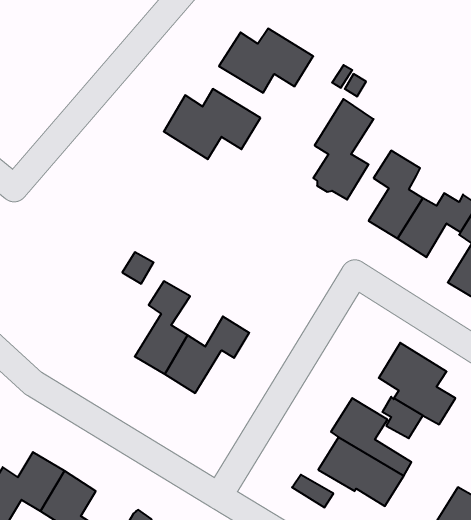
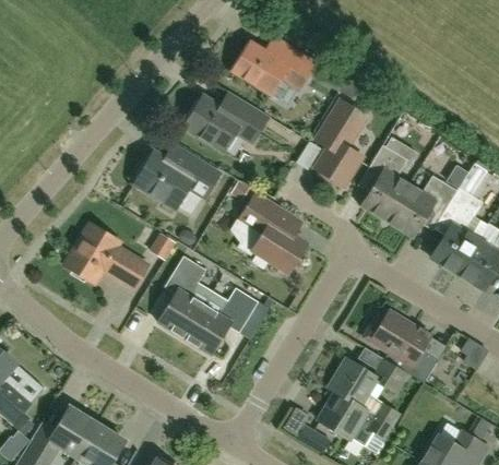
building: none -> [133,143,218,207]
building: none -> [229,189,305,271]
building: none -> [64,222,147,286]

